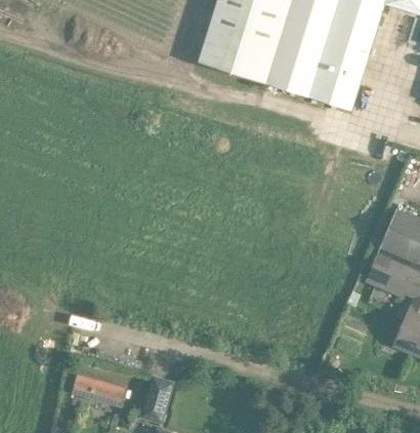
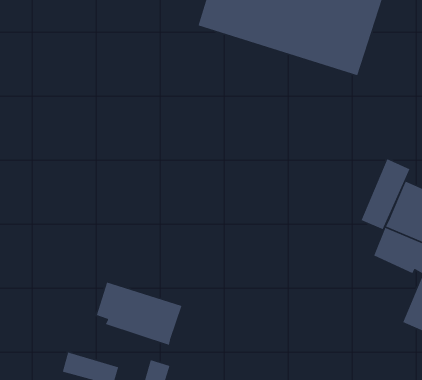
building: none -> [361,158,411,230]
building: none -> [96,282,182,346]

